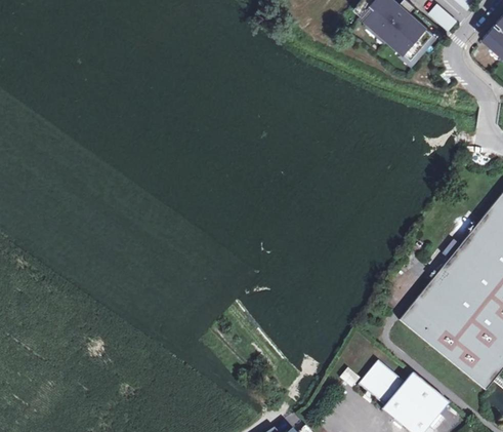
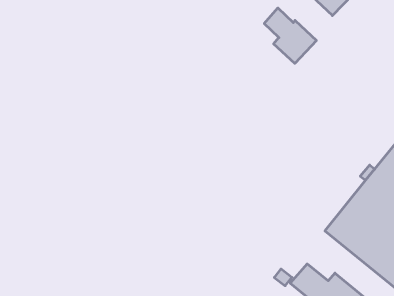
building: none -> [264,8,316,63]

